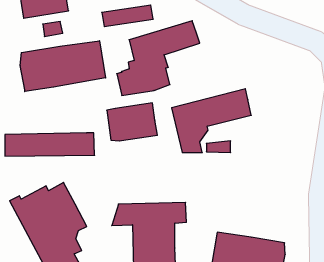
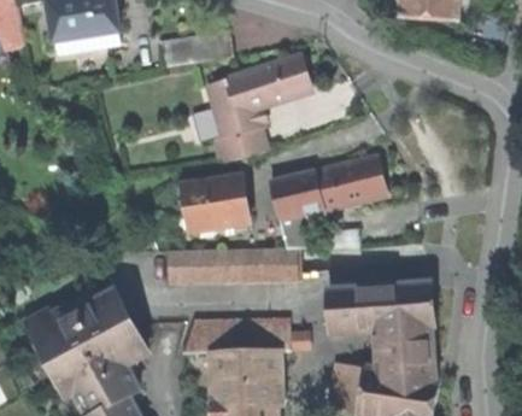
building: [20,41,106,92] -> none
building: [5,133,95,156] -> [168,247,298,281]
building: none -> [332,282,434,379]

